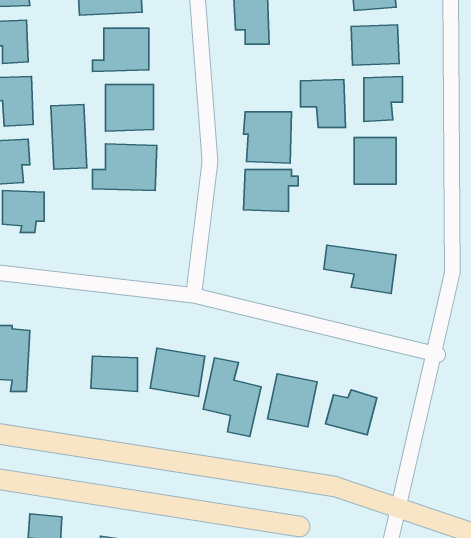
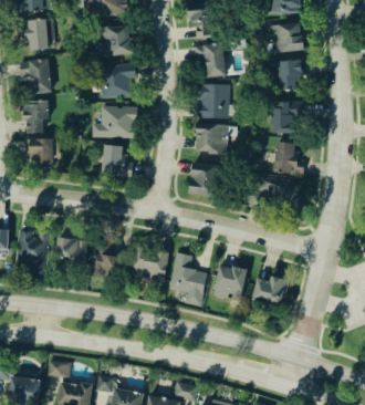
building: [301,79,346,128] -> [195,43,226,76]
building: [51,105,87,169] -> none
building: none -> [274,142,304,173]
building: none -> [102,144,133,176]
building: none -> [190,163,216,195]
building: none -> [58,237,87,264]

